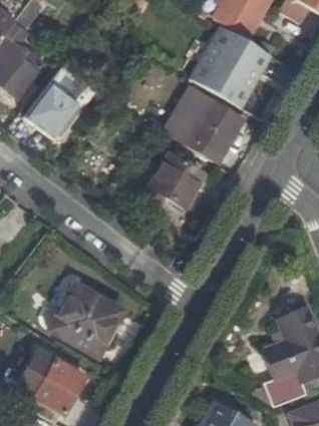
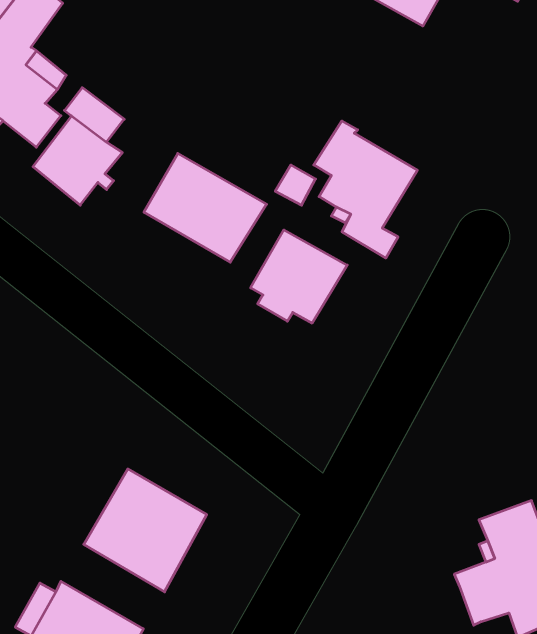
building: [191,27,262,107] -> none
building: none -> [144,153,267,262]

